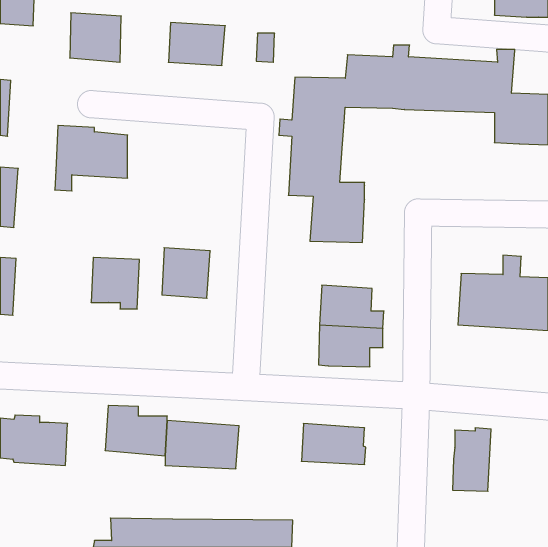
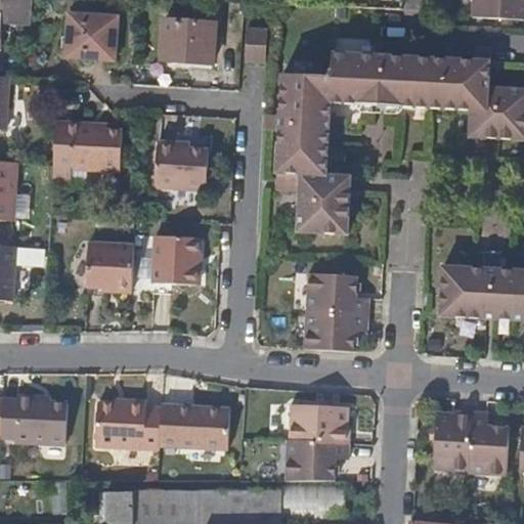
building: none -> [157,138,211,187]
building: none -> [466,409,507,474]
building: none -> [285,440,348,483]

